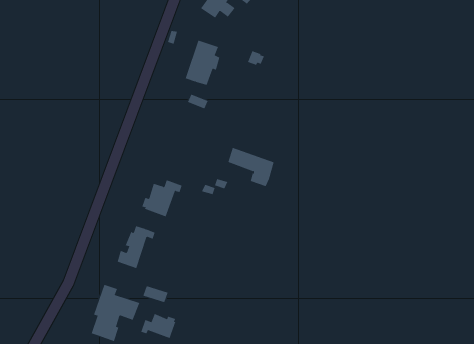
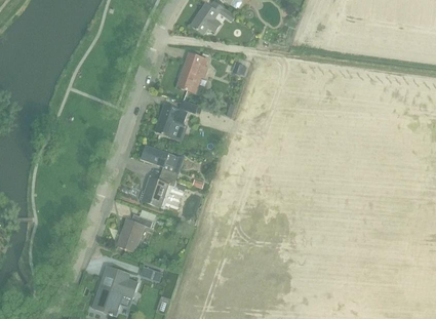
building: none -> [155,103,187,139]
building: [227,147,274,187] -> [141,144,182,178]
building: [141,313,176,339] -> none

